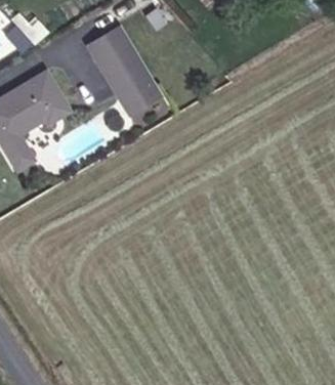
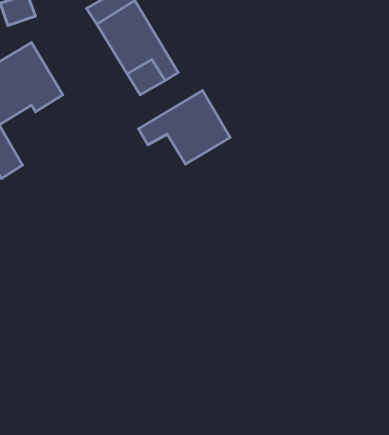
building: none -> [138,91,230,164]

